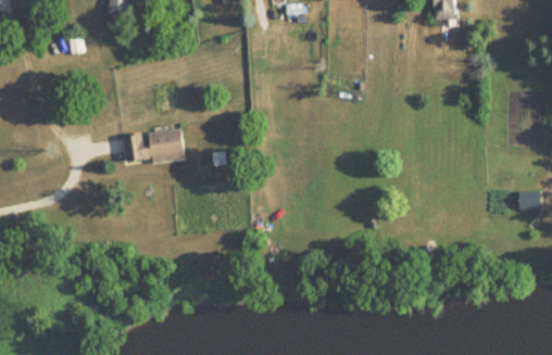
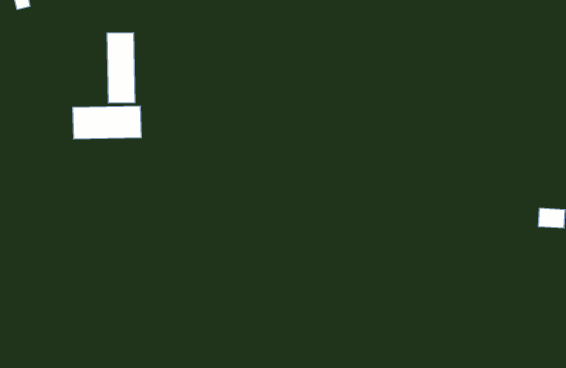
building: none -> [107,33,135,103]

